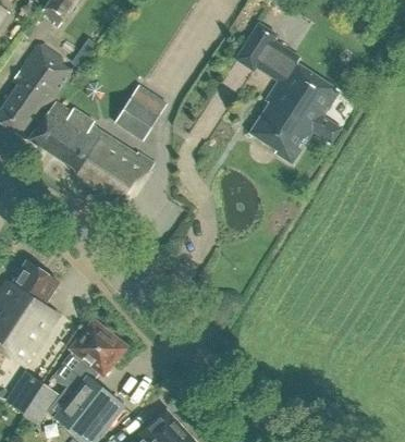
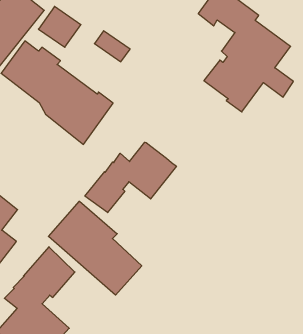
building: [114,100,159,143] -> [38,6,81,47]
building: none -> [85,142,176,213]
building: none -> [48,201,142,295]

